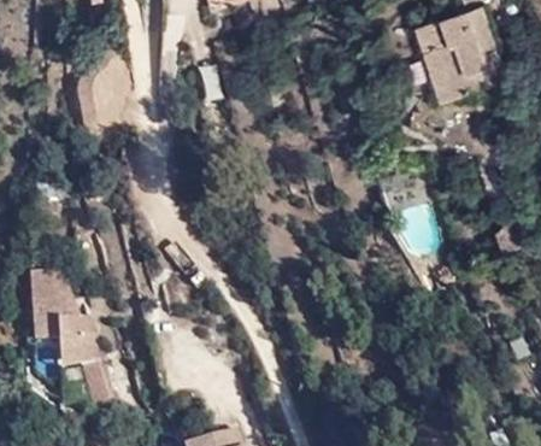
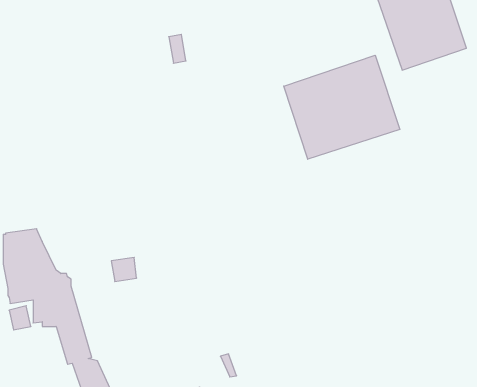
building: none -> [284,55,400,159]

